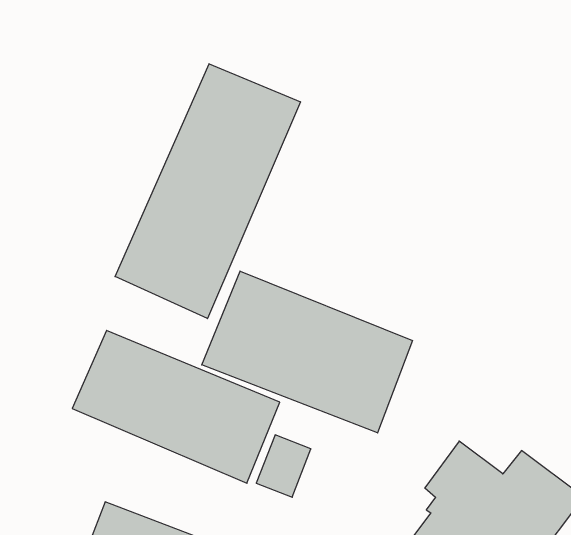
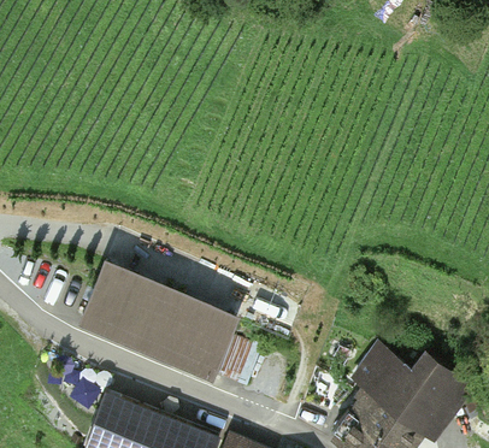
building: [115,64,300,319] -> none
building: [202,271,412,433] -> none

